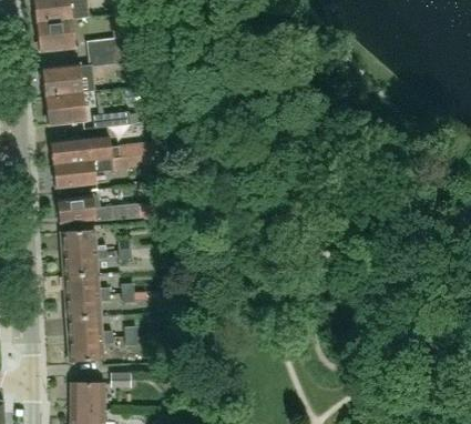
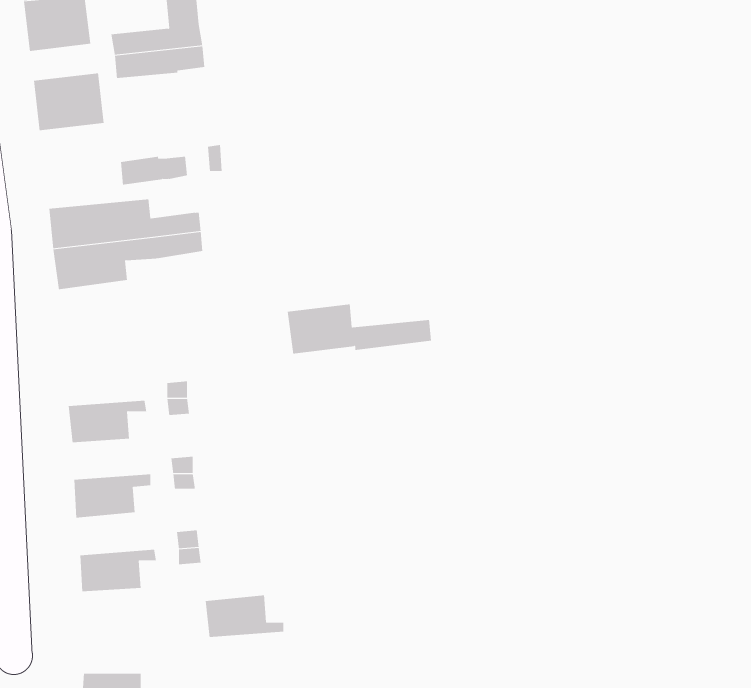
building: [45,92,86,124] -> none
building: [57,194,140,223] -> [287,304,432,354]
building: [61,229,106,254] -> none
building: [64,273,110,296] -> none
building: [66,315,112,340] -> [205,595,284,638]
building: [71,382,104,407] -> none

